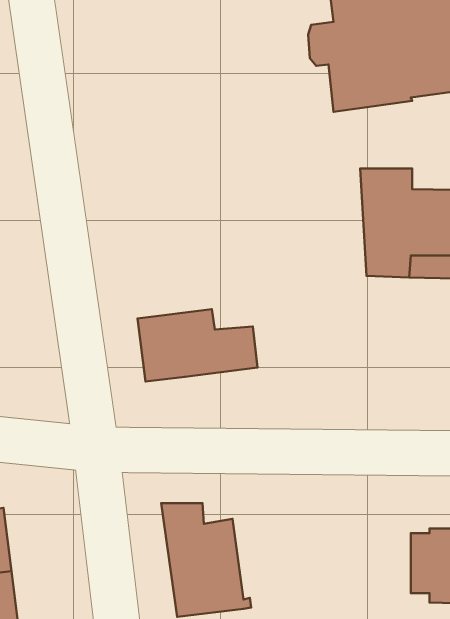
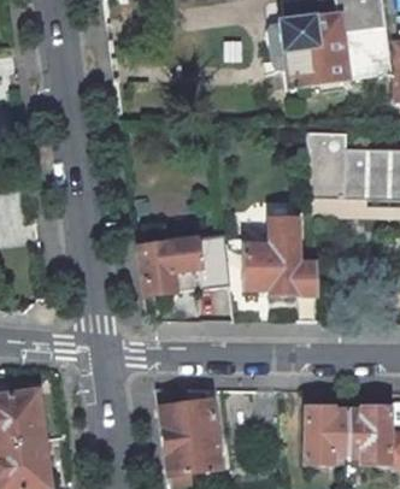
building: none -> [243,219,318,294]
building: none -> [305,406,347,463]

